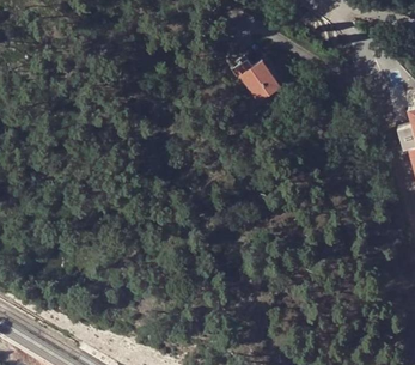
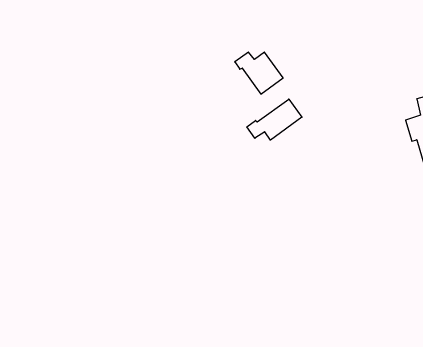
building: none -> [247,99,302,140]

